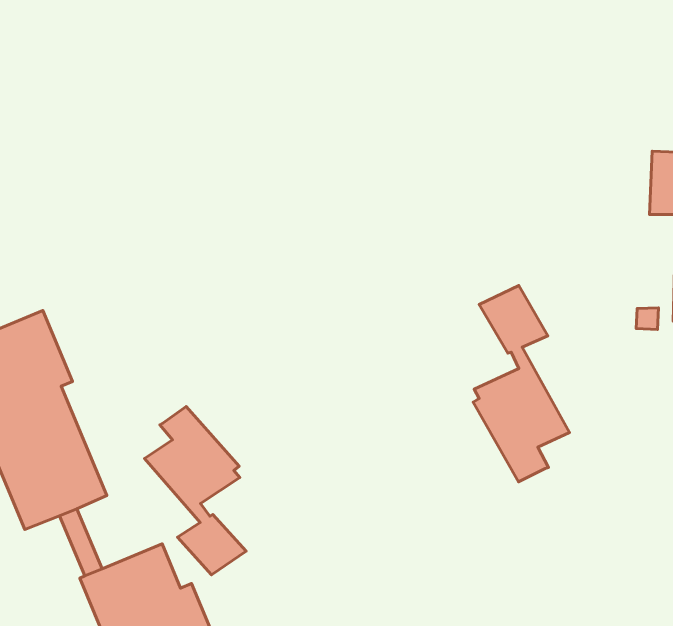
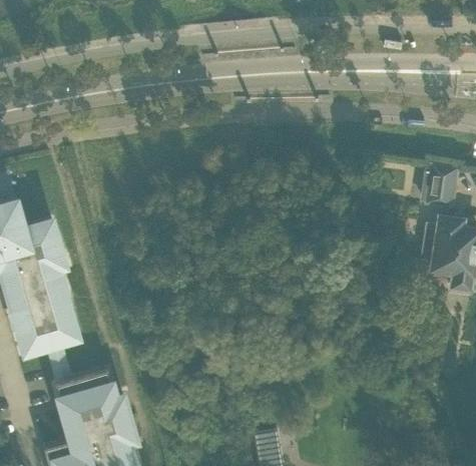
building: [473,285,570,482] -> none
building: [145,407,246,575] -> none

